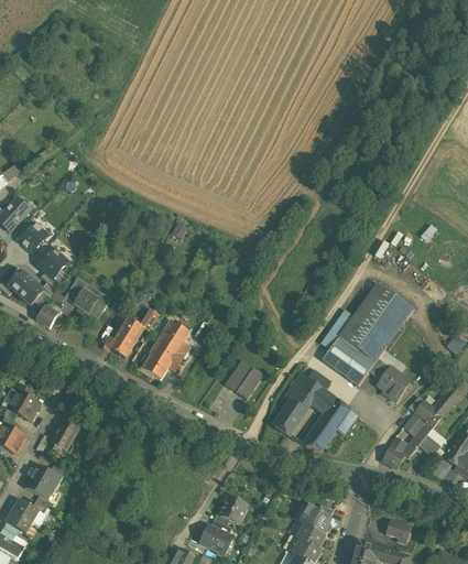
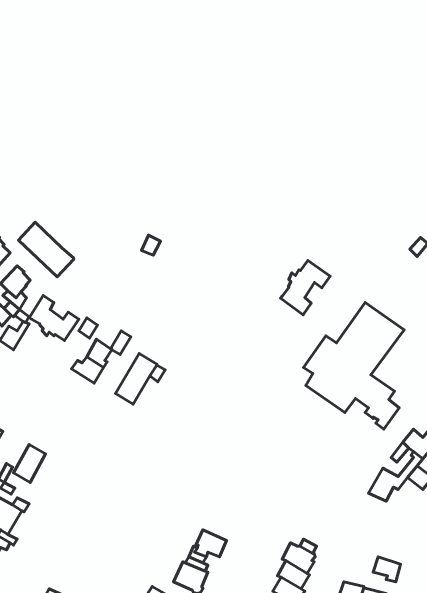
building: none -> [18,222,74,277]
building: none -> [280,261,330,315]
building: [226,359,263,398] -> none
building: [275,368,357,451] -> none

